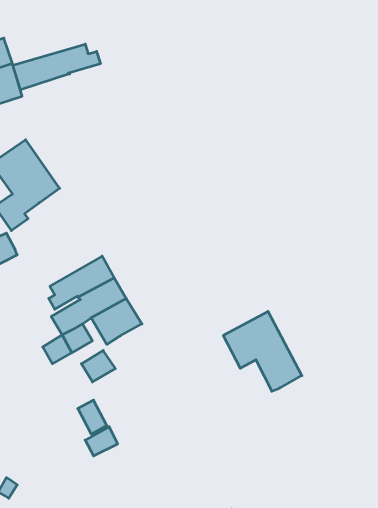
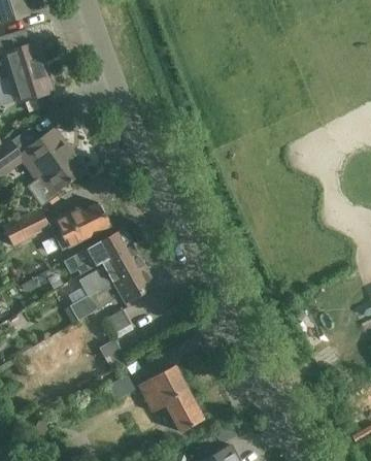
building: [13,44,100,90] -> none
building: none -> [46,203,108,252]
building: [223,311,302,391] -> [136,363,203,431]

